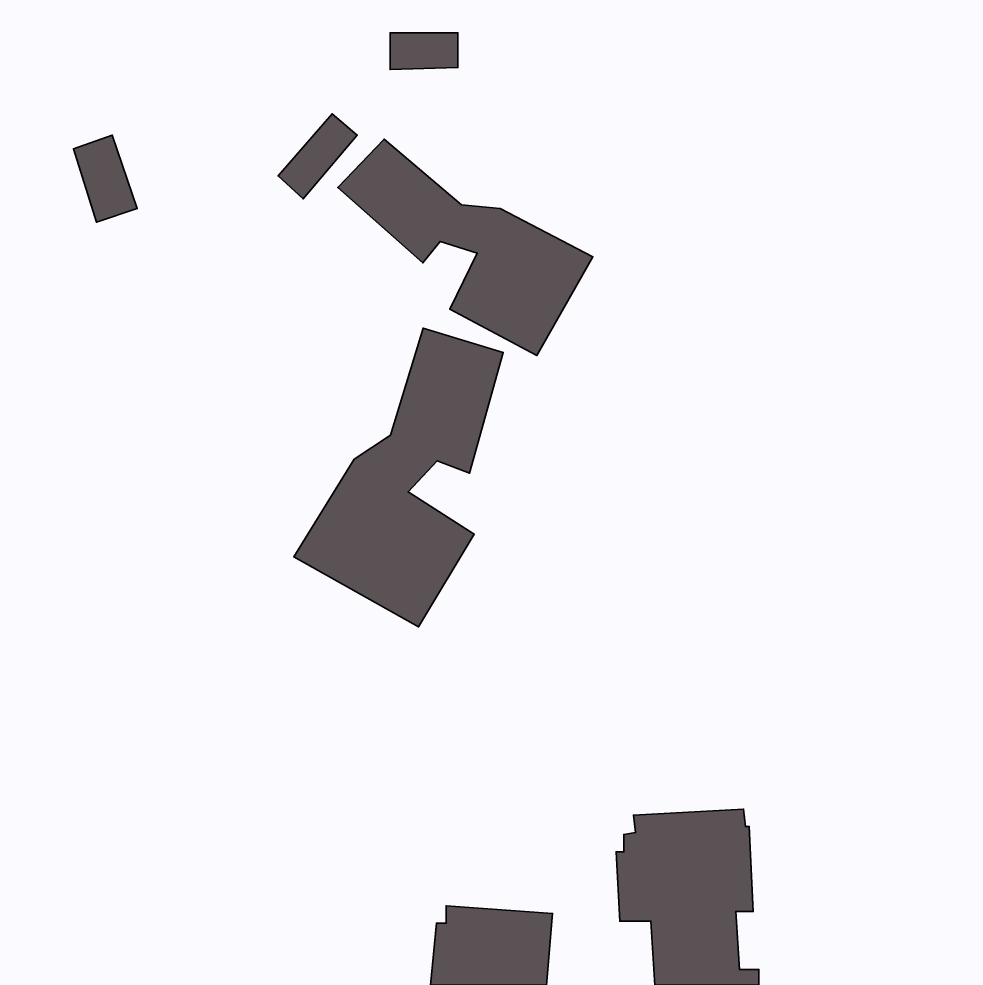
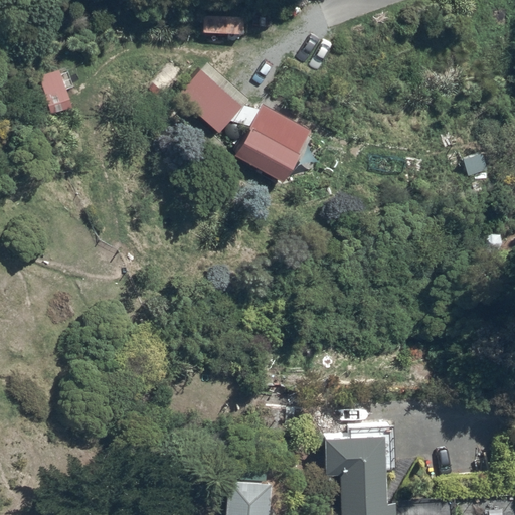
building: [294,328,503,627] -> none

